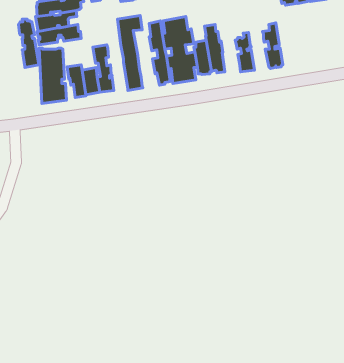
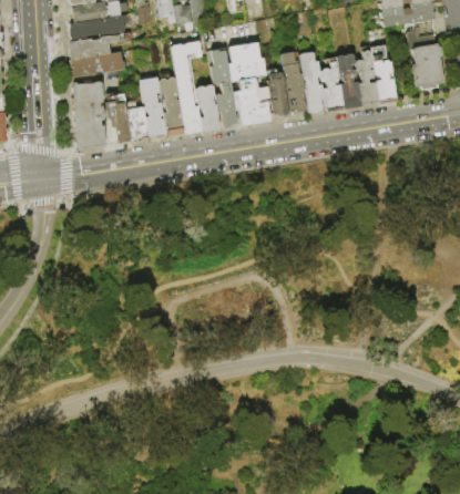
building: none -> [406,27,443,90]
building: [19,19,39,67] -> [159,74,184,135]
building: none -> [370,44,397,103]
building: none -> [298,51,325,112]
building: none -> [336,52,361,109]
building: none -> [196,84,219,132]

